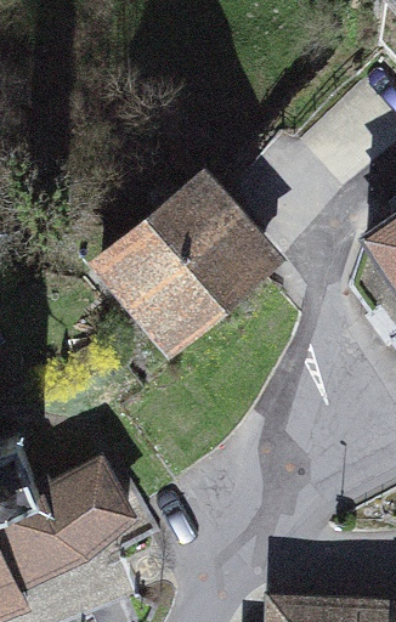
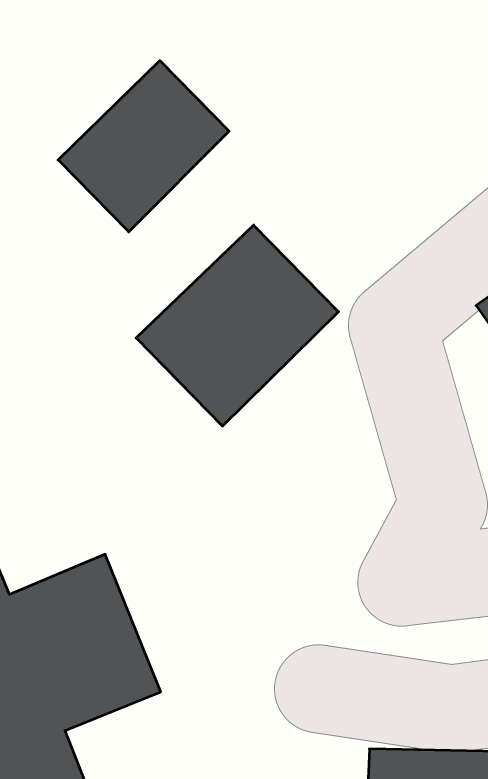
building: none -> [58,61,229,232]

